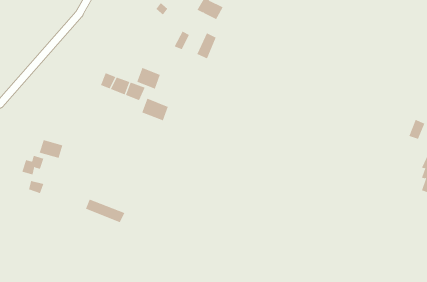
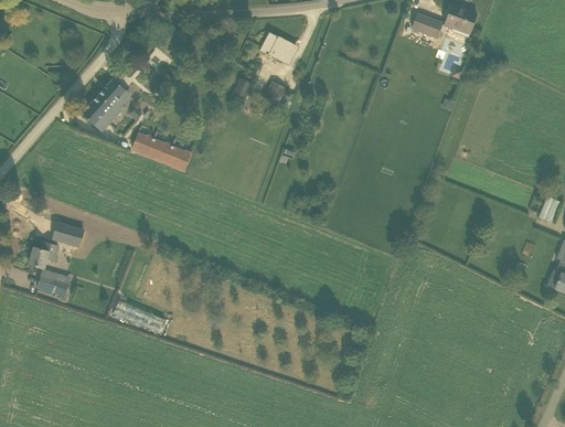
building: none -> [82,77,126,130]
building: [137,67,161,89] -> none
building: [142,98,169,121] -> none

